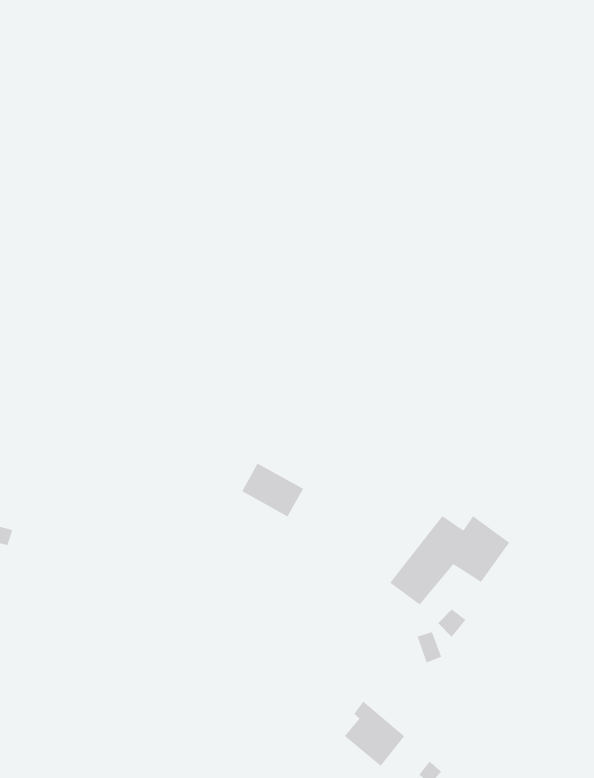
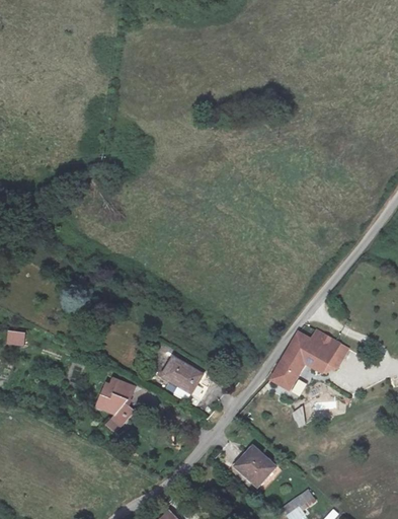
building: [241,463,304,517] -> [158,360,197,394]
building: none -> [99,384,134,421]

